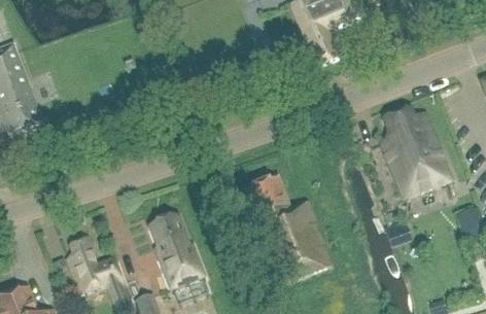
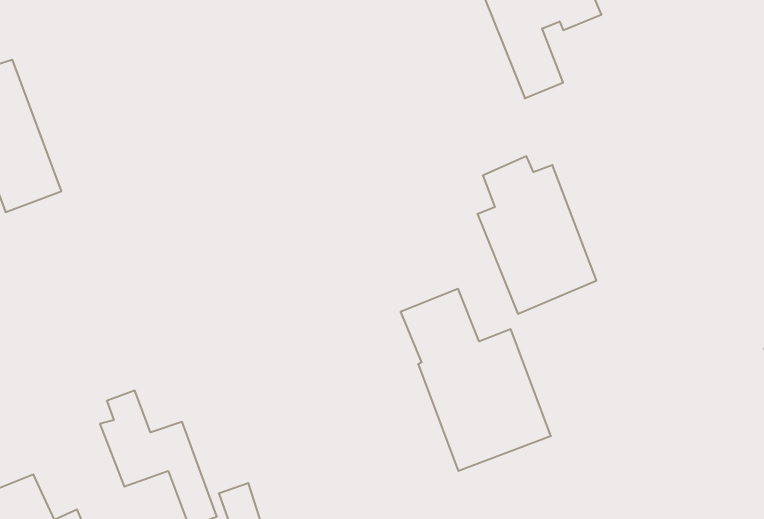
building: [381,104,451,197] -> [477,156,596,314]
building: [151,213,205,286] -> none

